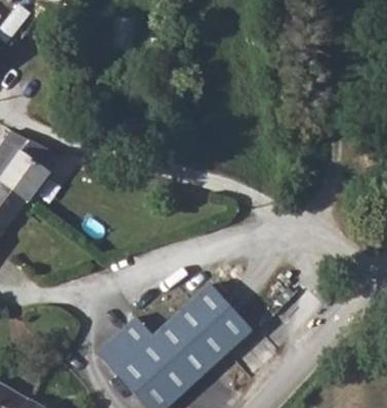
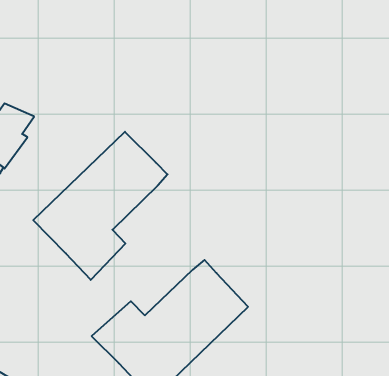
building: none -> [33,132,168,280]

